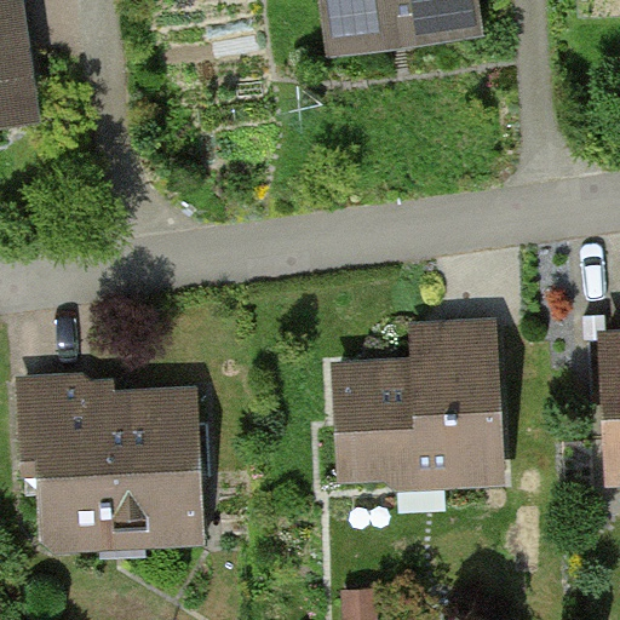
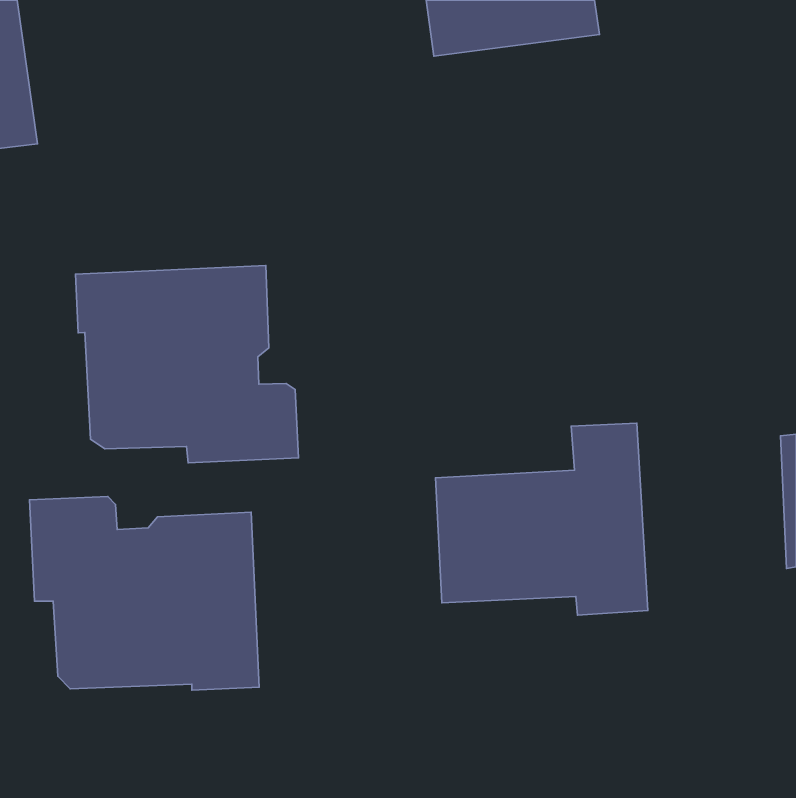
building: none -> [76,266,299,463]

